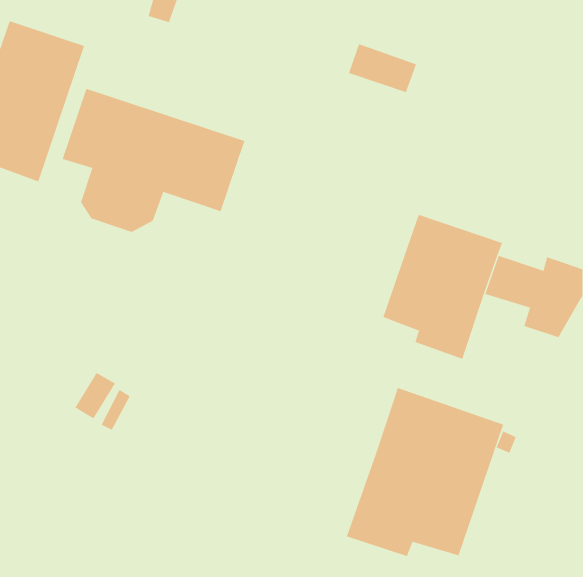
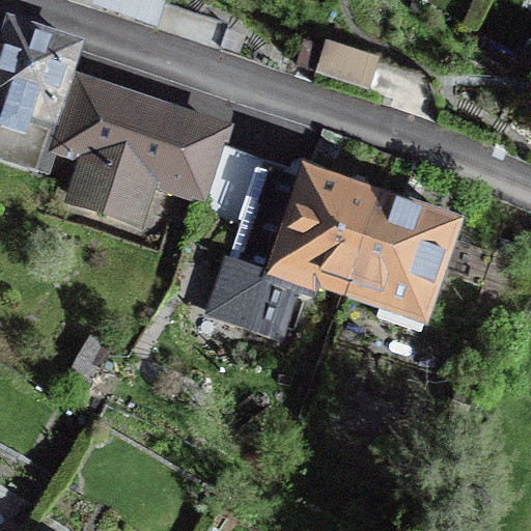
building: none -> [215,163,379,333]
building: [346,387,504,557] -> none

